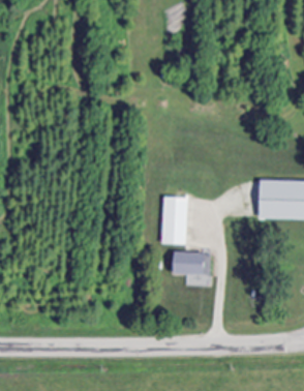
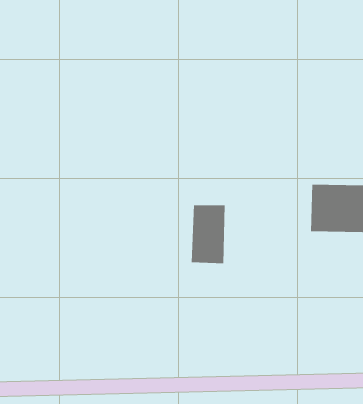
building: [171,251,211,275] -> none

